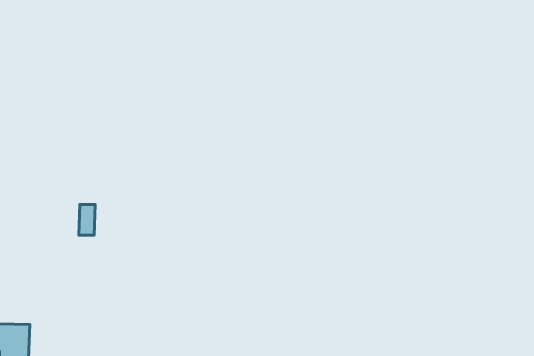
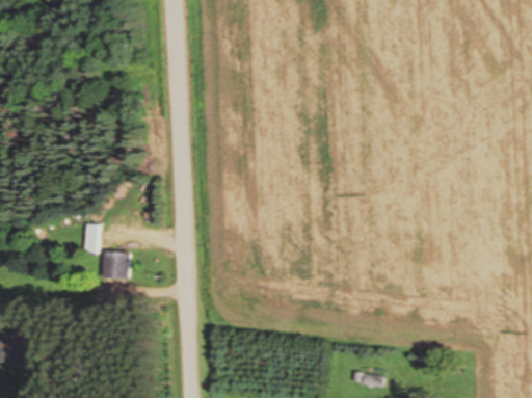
building: none -> [102,251,127,281]

